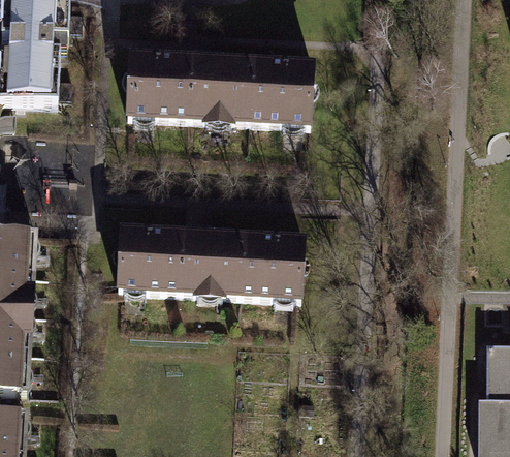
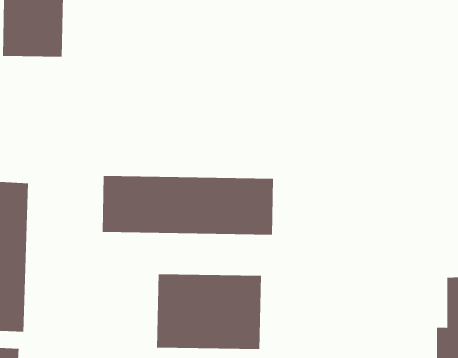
building: [124,52,309,116] -> none
building: none -> [157,273,261,350]

